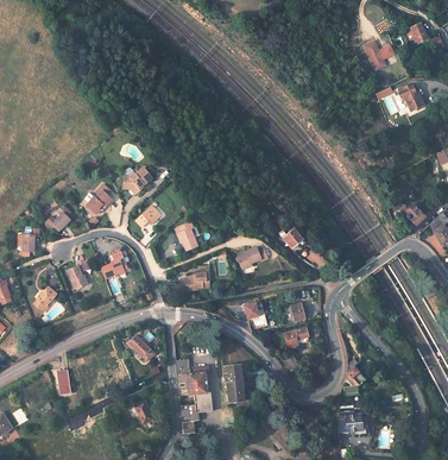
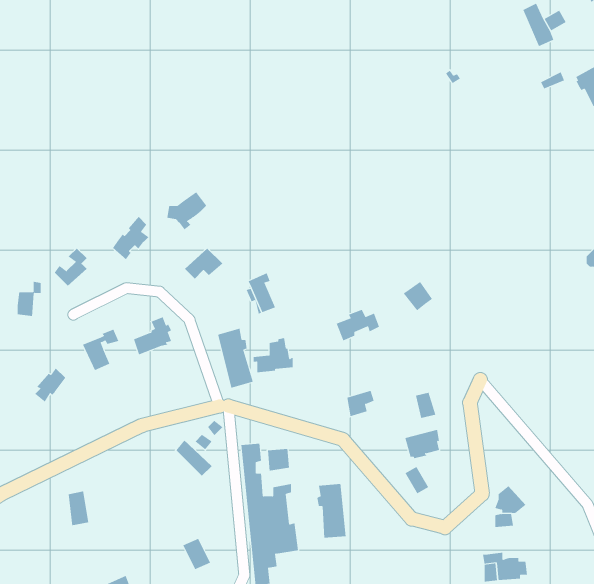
building: none -> [217,328,253,388]

